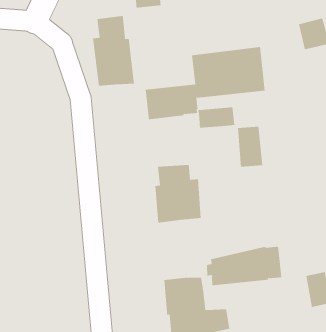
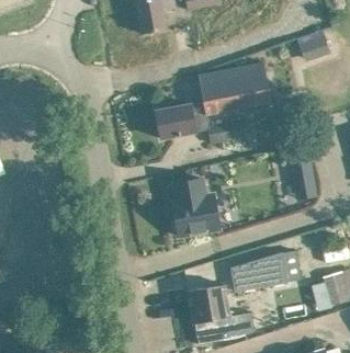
building: [93,15,135,87] -> none
building: [237,126,263,167] -> [290,160,317,201]

